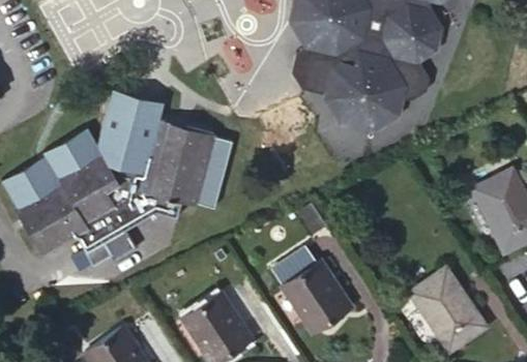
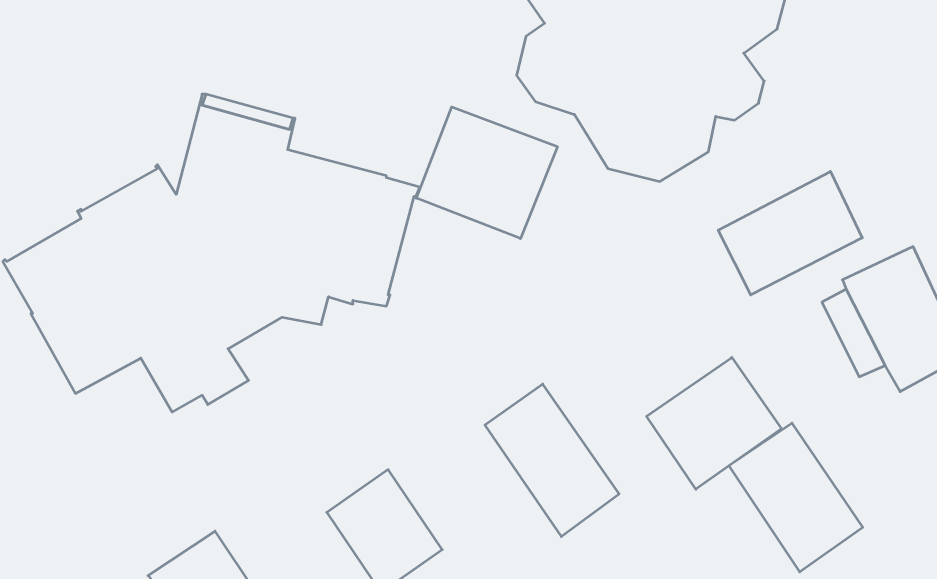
building: none -> [416,107,557,239]
building: none -> [718,171,862,295]
building: none -> [647,357,781,489]

